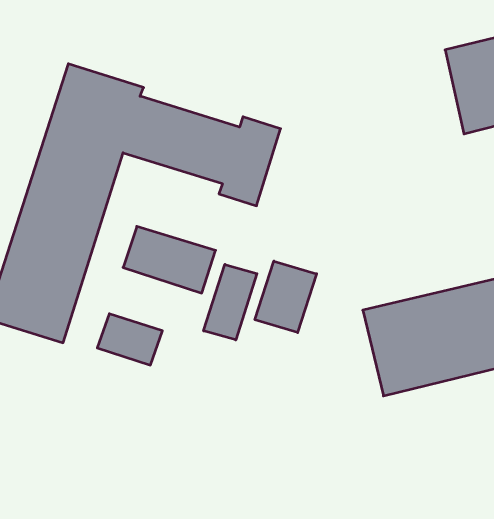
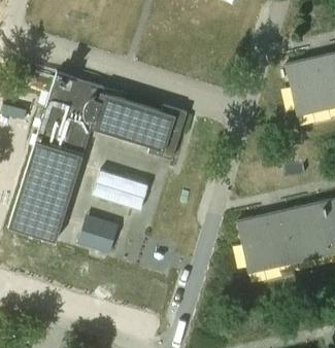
building: [255,261,317,333] -> none
building: [204,264,257,340] -> none

